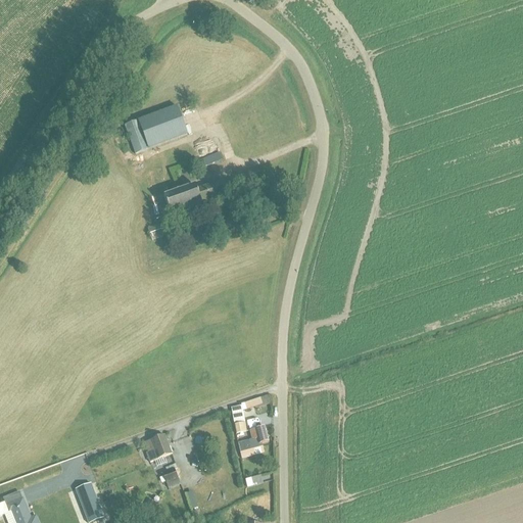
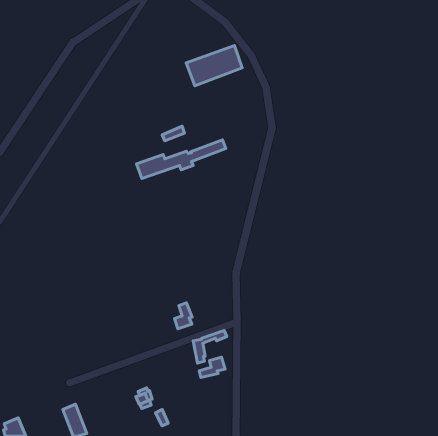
building: [118,105,185,153] -> [186,46,242,86]
building: none -> [174,303,192,329]
building: [143,433,171,461] -> none

